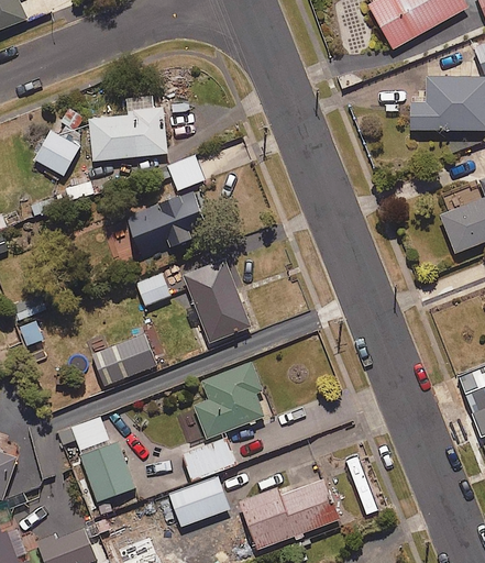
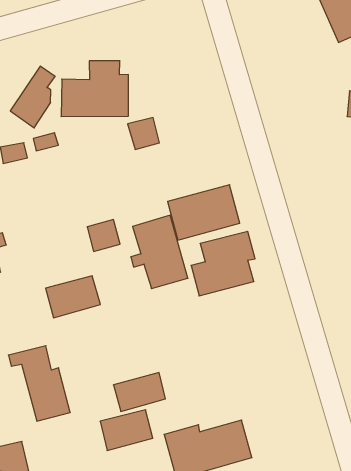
building: [126,190,209,257] -> [168,185,240,240]
building: [194,362,265,439] -> [191,231,255,296]

